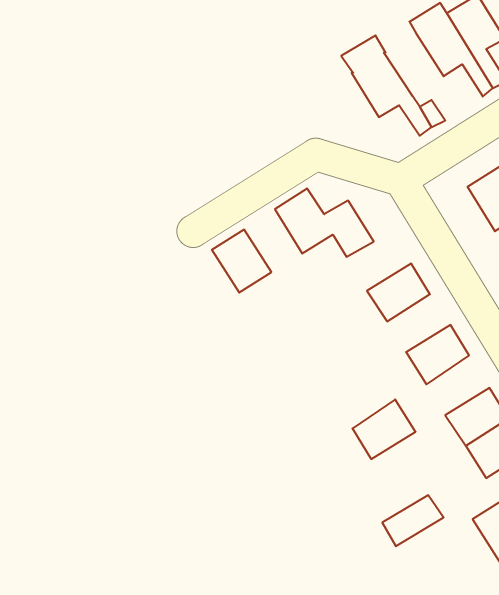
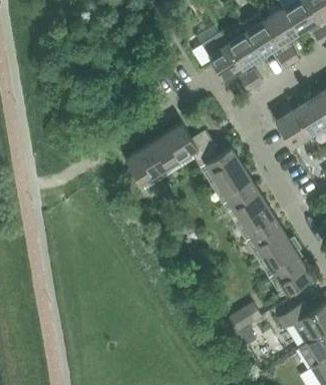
building: none -> [227,33,262,70]
building: none -> [144,136,179,173]
building: none -> [205,148,243,184]
building: none -> [229,186,266,221]
building: [352,399,416,459] -> [252,223,289,258]

